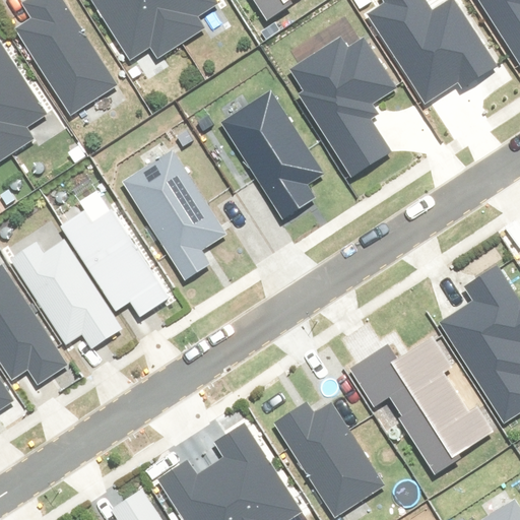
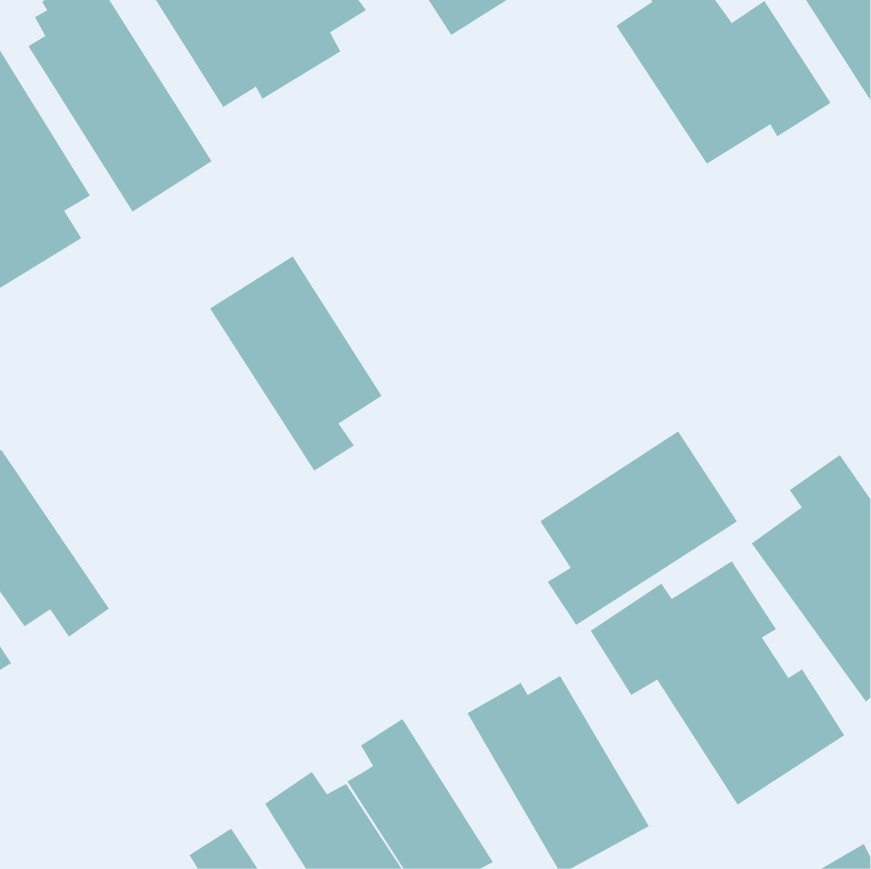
building: [287,40,391,172] -> none
building: [217,92,320,222] -> none
building: [61,211,168,313] -> none
building: [16,243,119,340] -> none
building: none -> [540,430,738,626]

